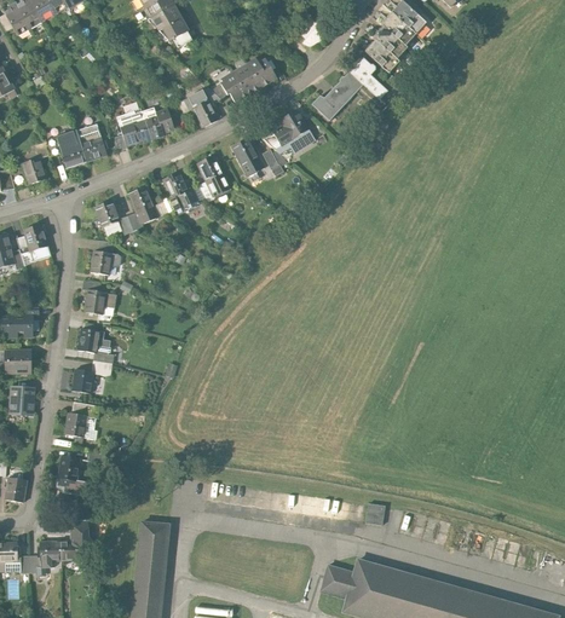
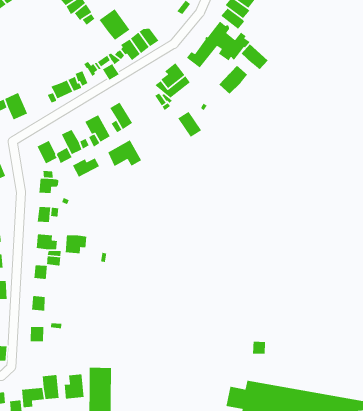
building: none -> [99,8,130,41]
building: none -> [241,43,268,70]
building: none -> [219,65,248,95]
building: [75,123,106,161] -> none
building: [231,138,264,175] -> [177,111,202,138]
building: none -> [107,139,142,167]
building: none -> [72,157,100,178]
building: none -> [65,234,87,254]
building: none -> [64,373,84,399]

